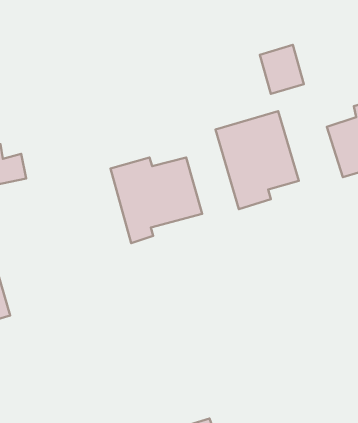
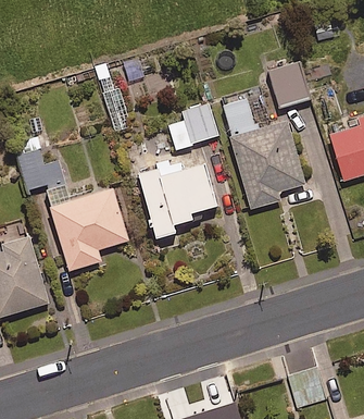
building: none -> [165,104,217,149]
building: none -> [49,186,128,271]

